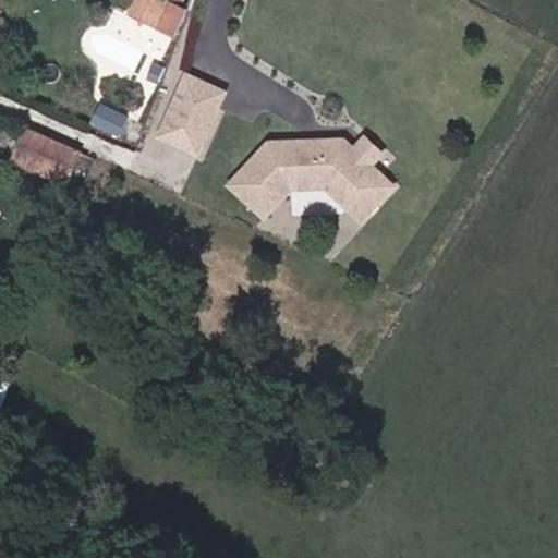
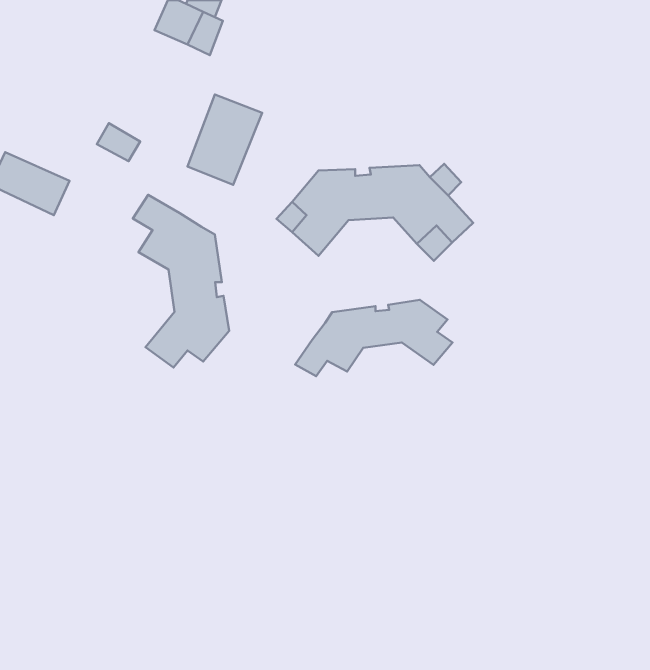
building: none -> [133,195,229,367]
building: none -> [295,300,452,376]

